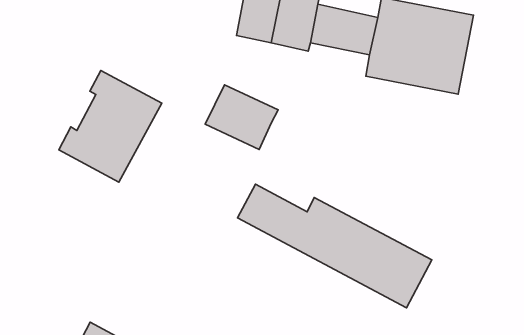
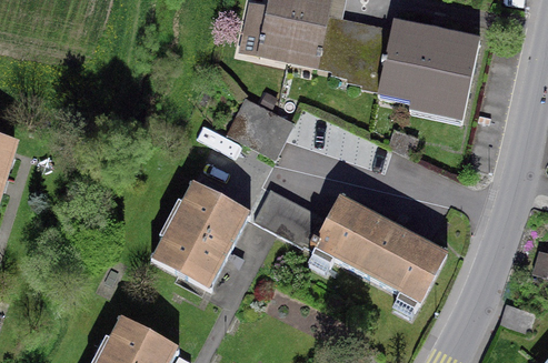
building: [59,71,162,182] -> [153,183,249,286]

